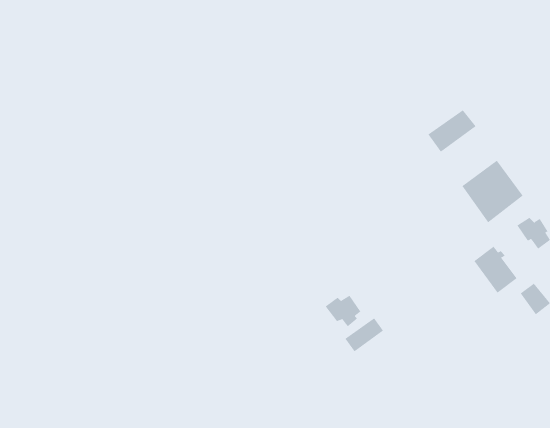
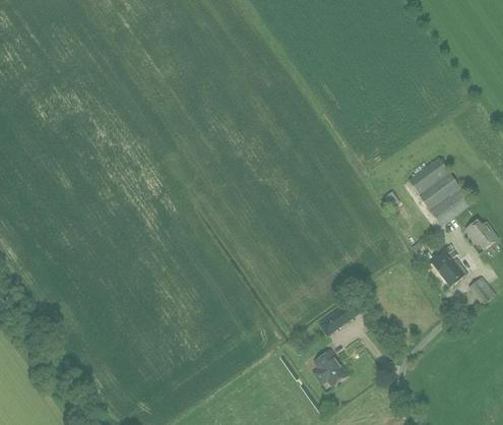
building: [427,109,476,152] -> [407,158,449,194]
building: [325,295,361,327] -> none
building: none -> [313,350,348,385]

